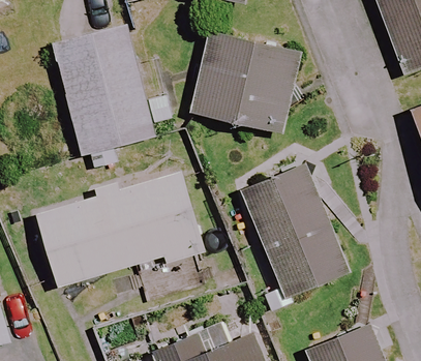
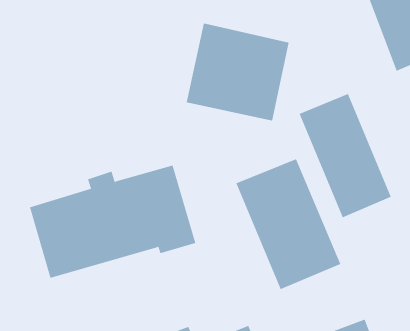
building: [52,22,173,152] -> none
building: none -> [299,93,391,218]

